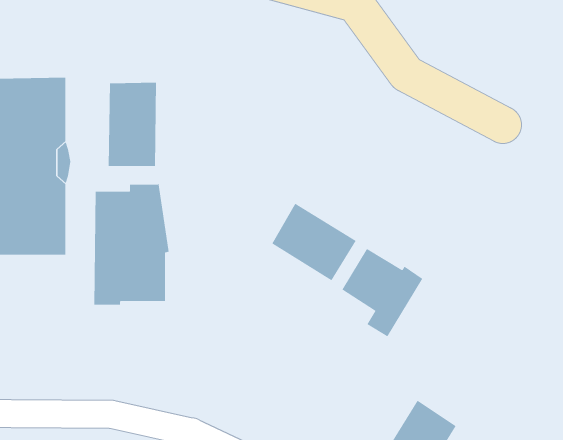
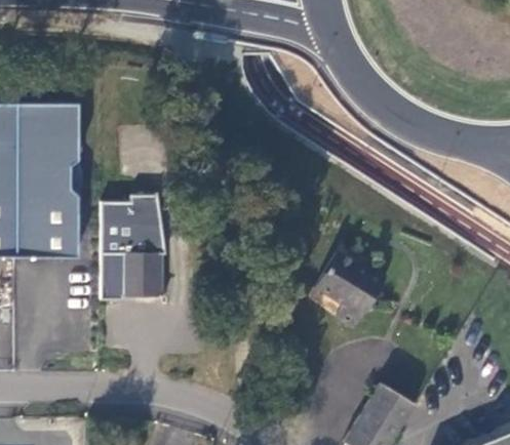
building: [108,82,156,167] -> none
building: [271,203,357,281] -> none

